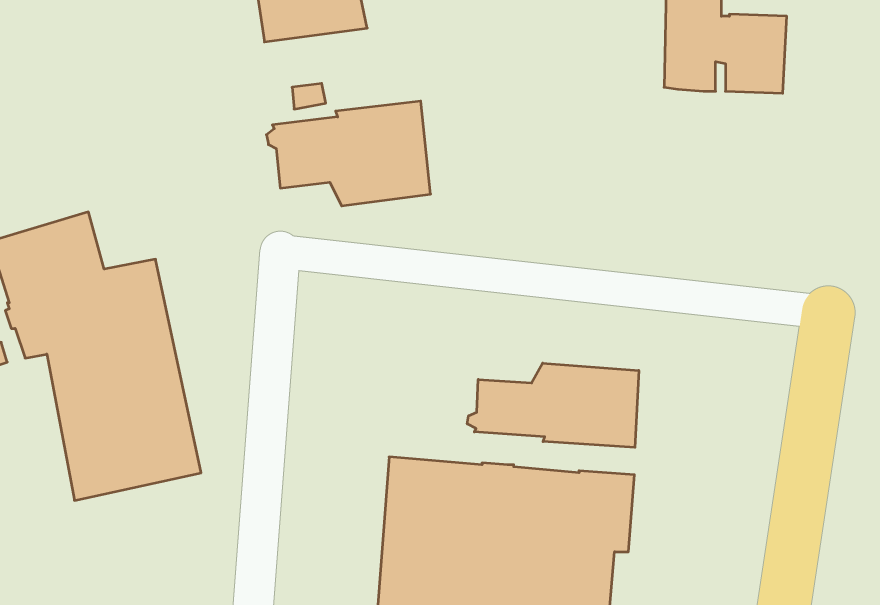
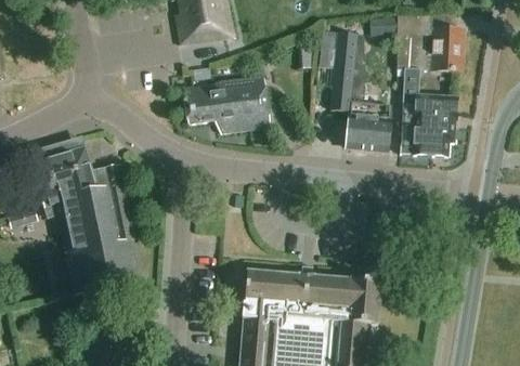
building: none -> [329,32,391,153]
building: none -> [400,69,456,156]
building: [467,363,639,447] -> none

